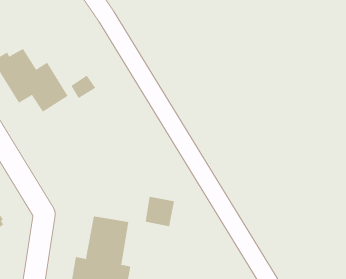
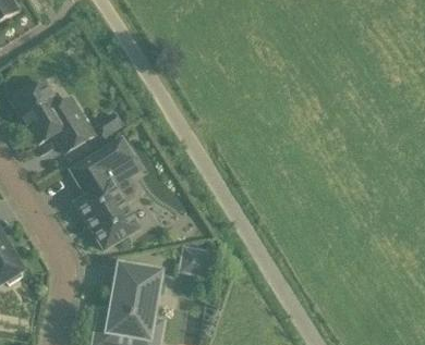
building: none -> [74,136,141,247]

